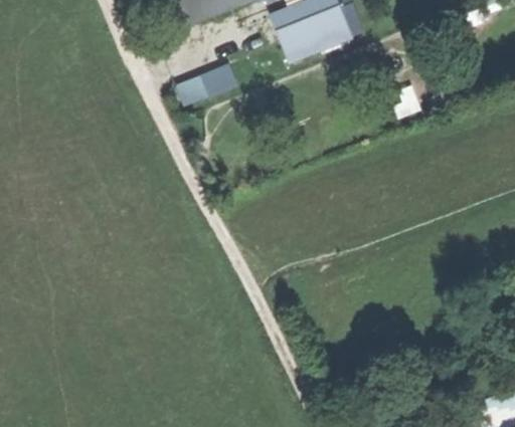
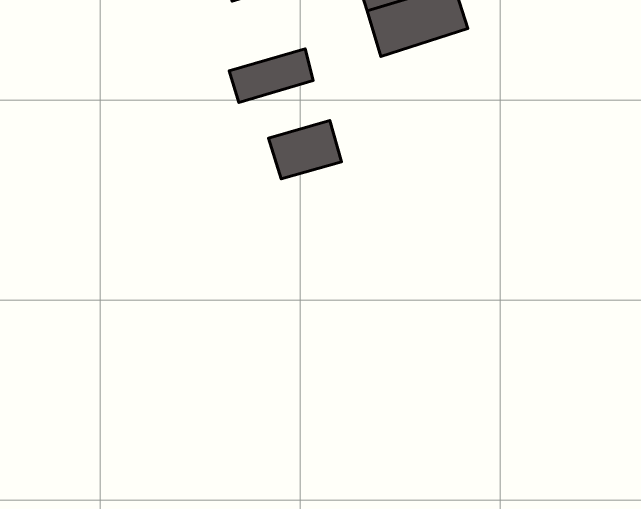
building: none -> [269,120,342,179]

